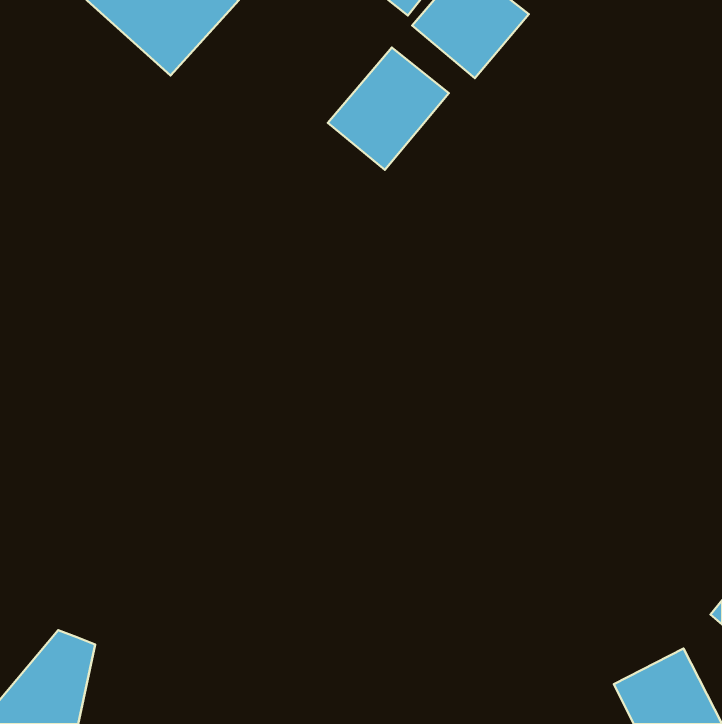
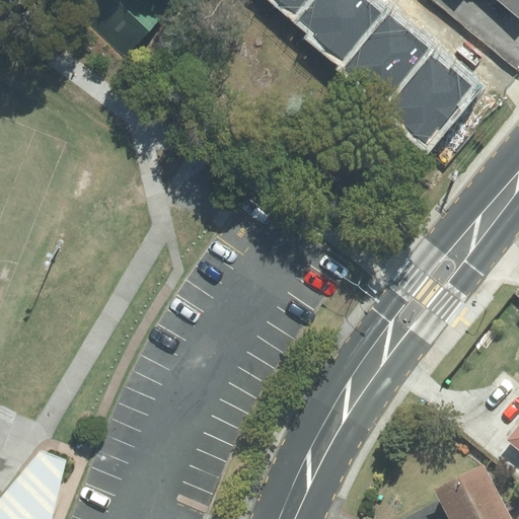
building: [328,48,449,170] -> [340,13,426,100]
building: none -> [383,52,468,139]

